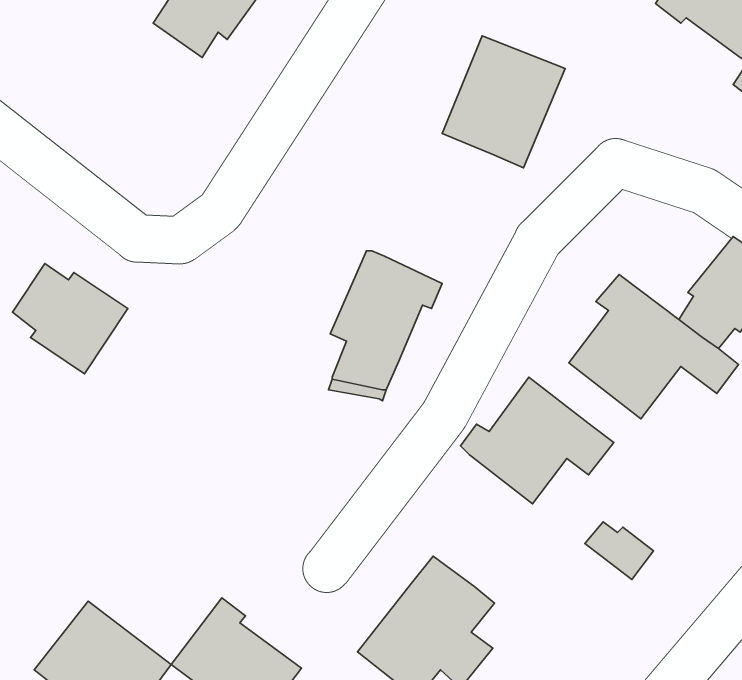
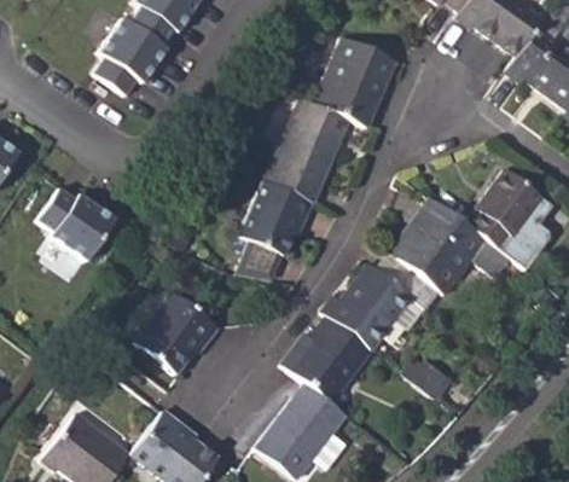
building: none -> [86,24,159,100]
building: none -> [267,97,349,202]
building: none -> [135,290,222,373]
building: none -> [284,317,377,405]

